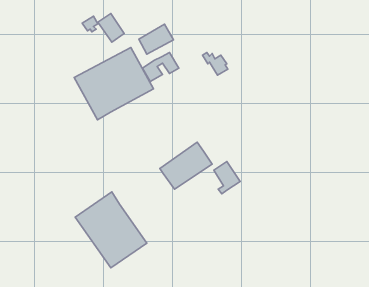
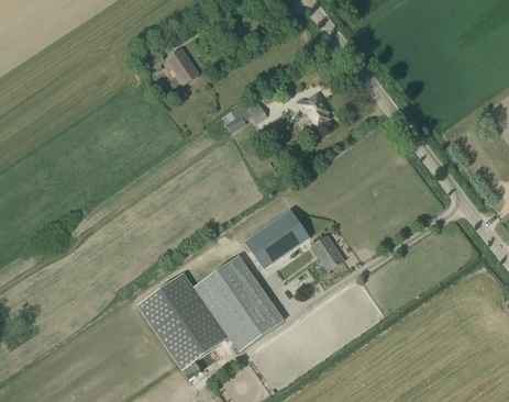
building: [139,24,174,54] -> none
building: [74,48,154,120] -> none
building: none -> [193,255,284,350]

